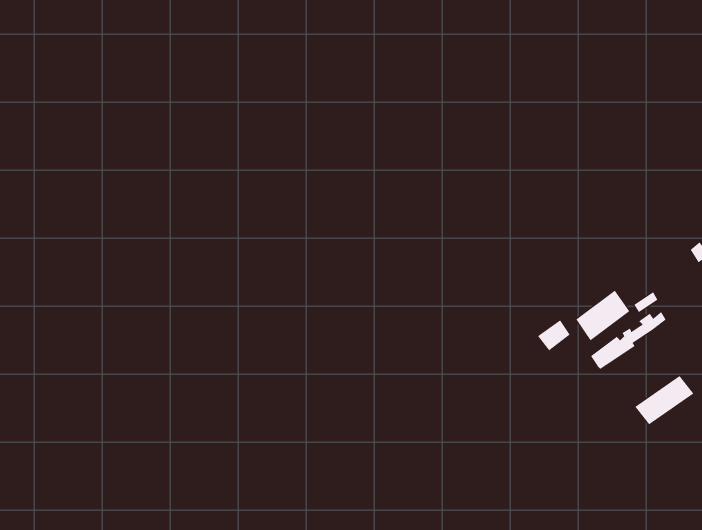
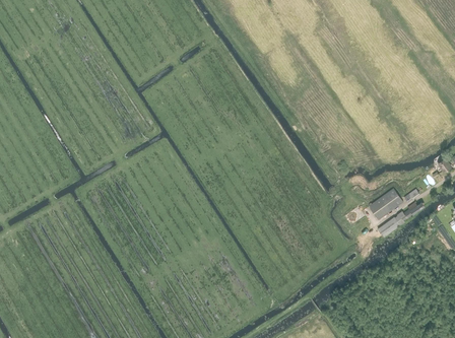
building: [635,375,694,425] -> none

